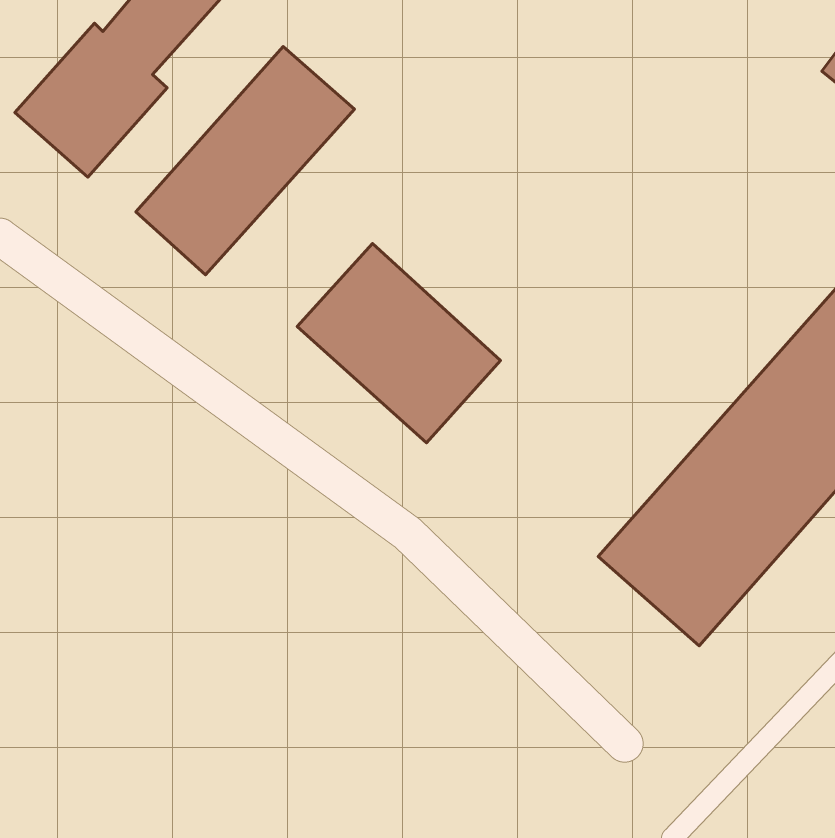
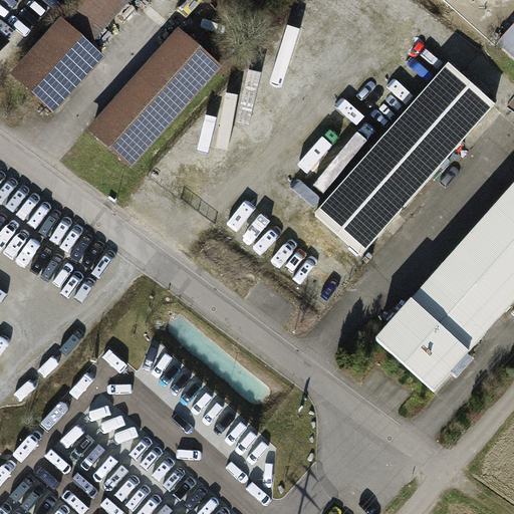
building: none -> [313,59,498,255]
building: [297,243,501,443] -> none

